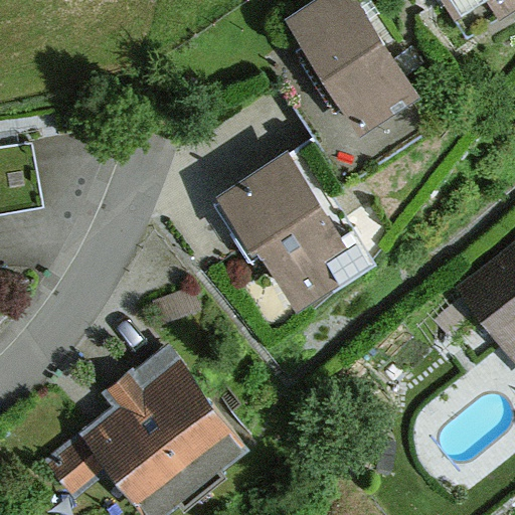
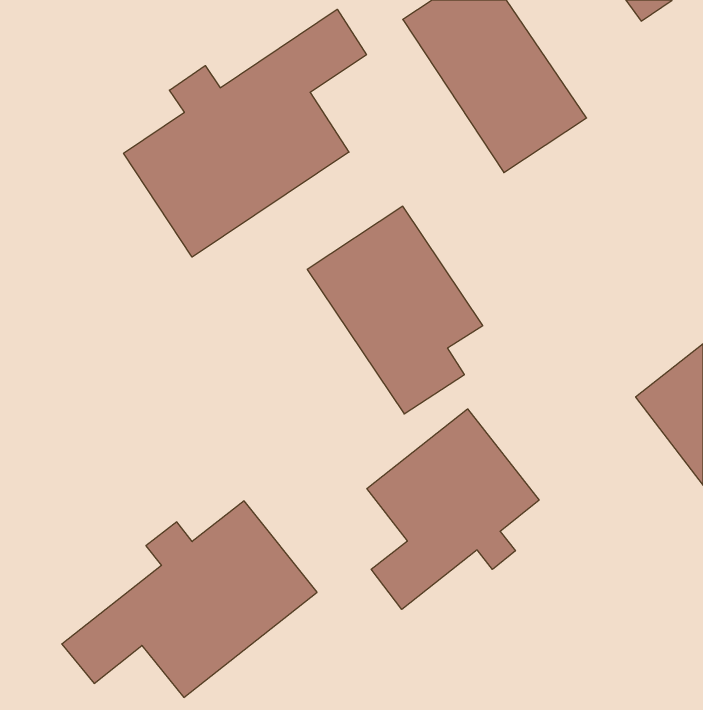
building: none -> [124,9,366,257]
building: none -> [367,409,539,609]

